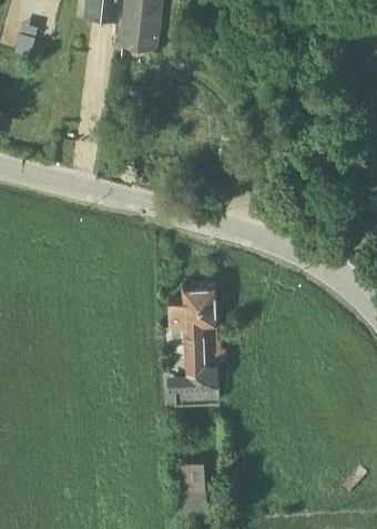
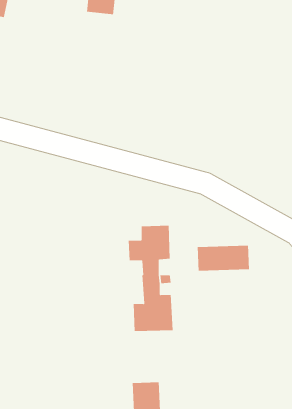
building: none -> [197,245,249,272]

